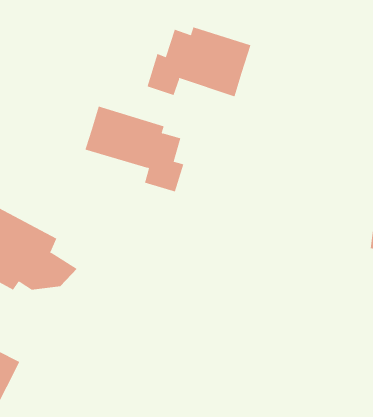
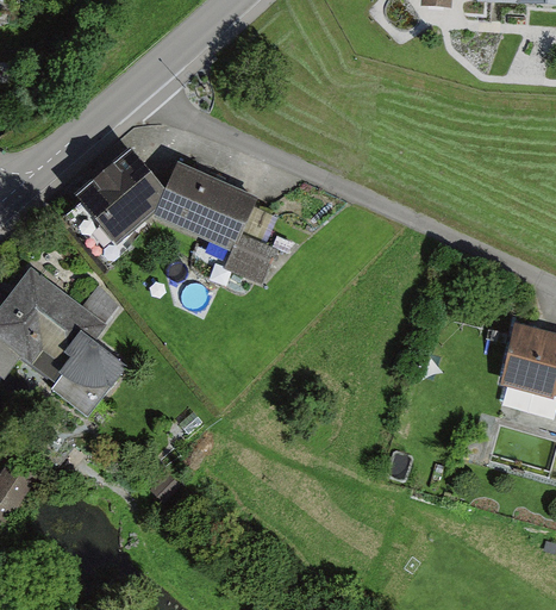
building: [147,26,251,97] -> none
building: none -> [75,150,164,244]

